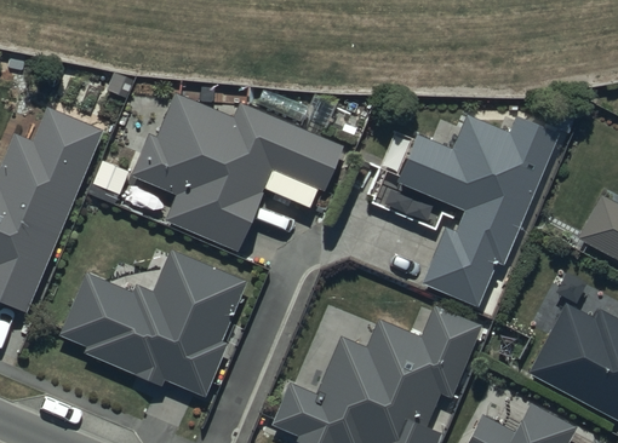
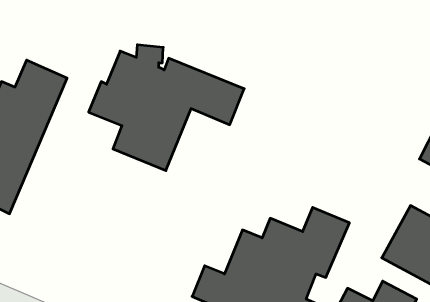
building: [394,111,559,306] -> none
building: [59,251,246,397] -> none

